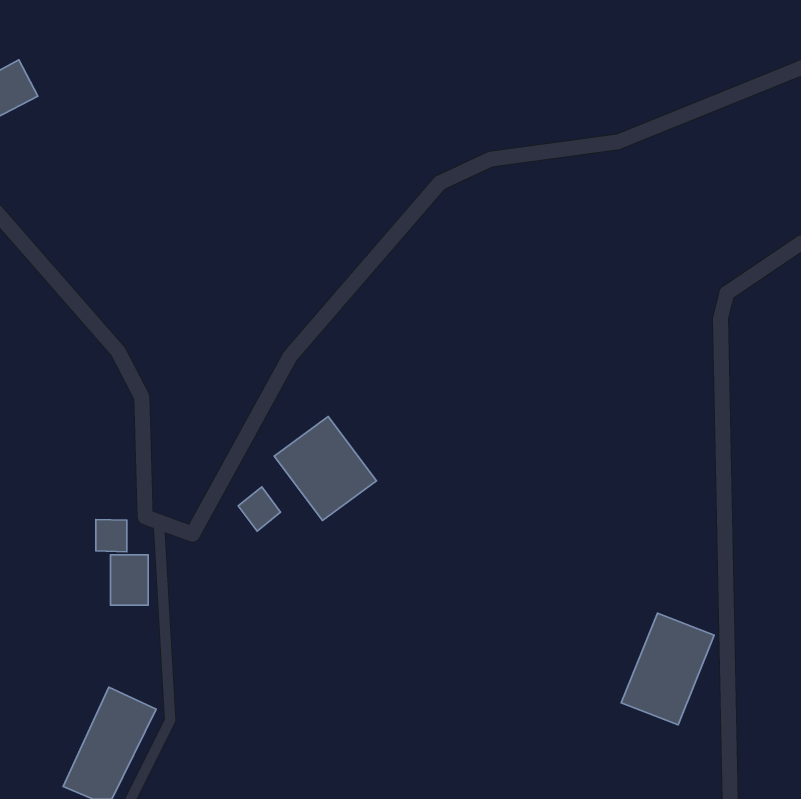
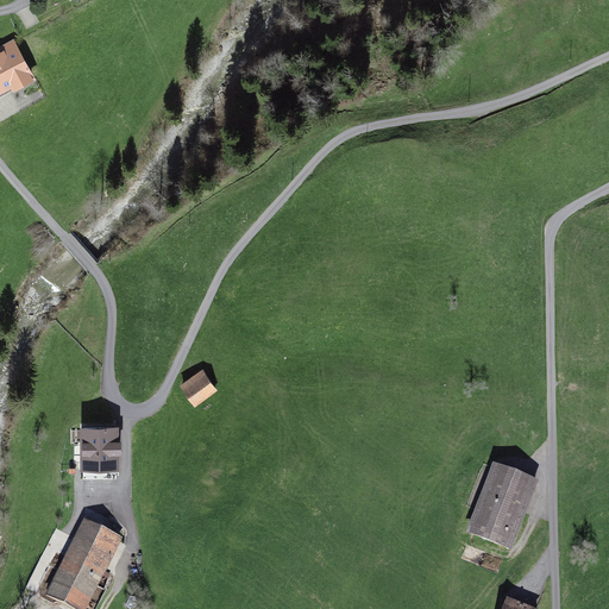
building: [274,416,377,520] -> none
building: [96,519,127,552] -> none

